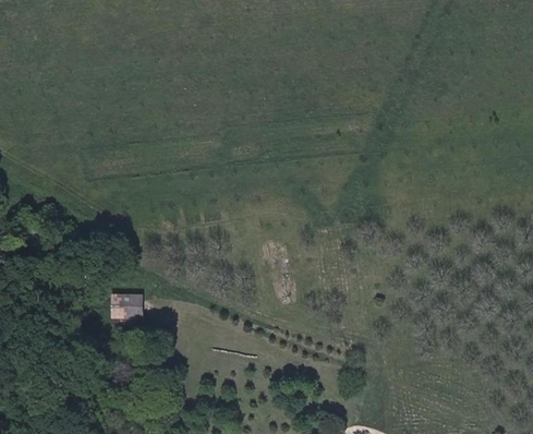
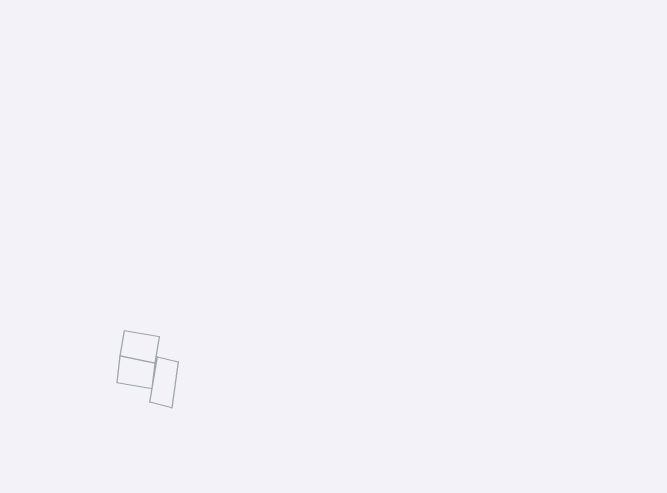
building: none -> [150,357,178,408]

